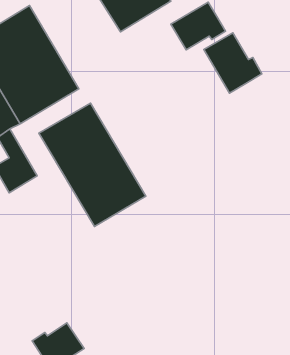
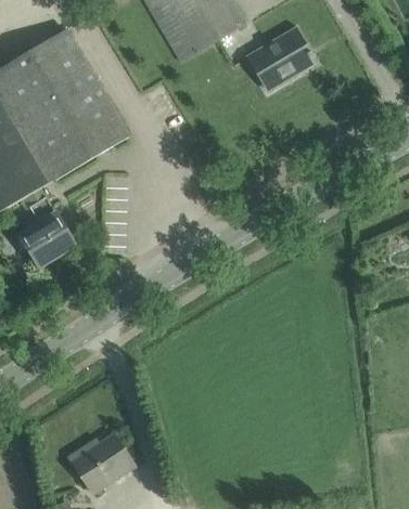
building: [204,33,262,93] -> none
building: [39,103,146,227] -> none

